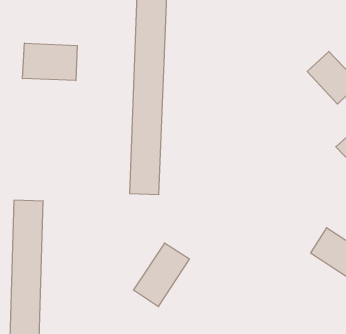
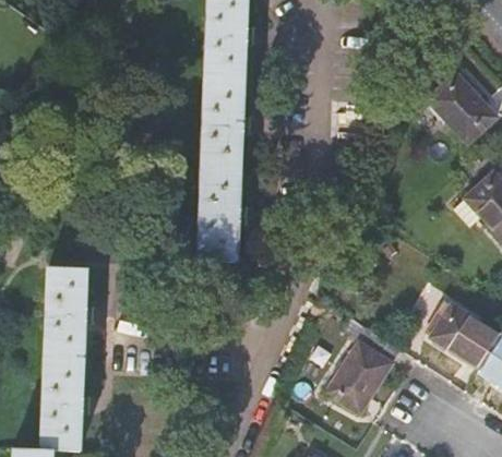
building: [23,43,77,81] -> none
building: [133,243,190,307] -> [328,329,402,412]

